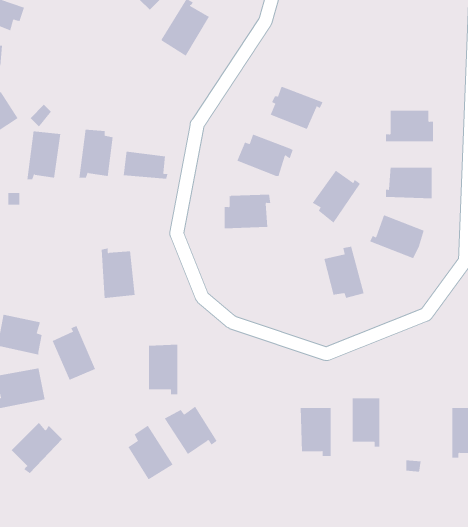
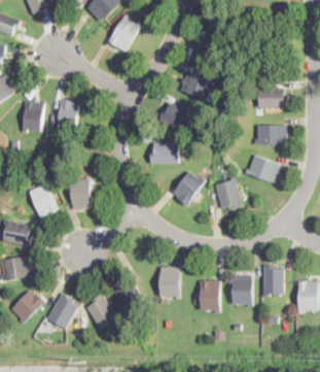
building: [123,151,168,180] -> none
building: [312,170,361,223] -> [172,171,204,206]
building: [52,325,96,380] -> [28,180,57,216]
building: [148,344,178,395] -> [159,266,179,299]
building: none -> [262,265,283,296]
building: none -> [46,293,78,328]

